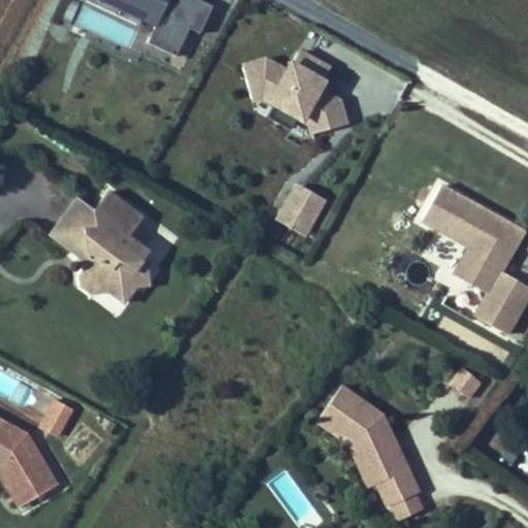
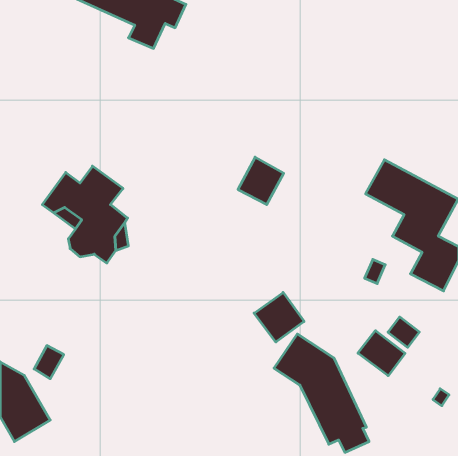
building: [240,46,350,133] -> none
building: none -> [254,292,304,342]
building: none -> [358,331,405,376]

